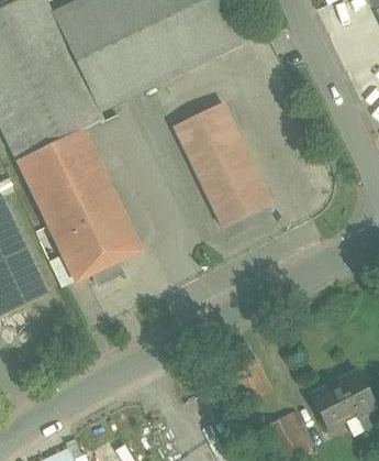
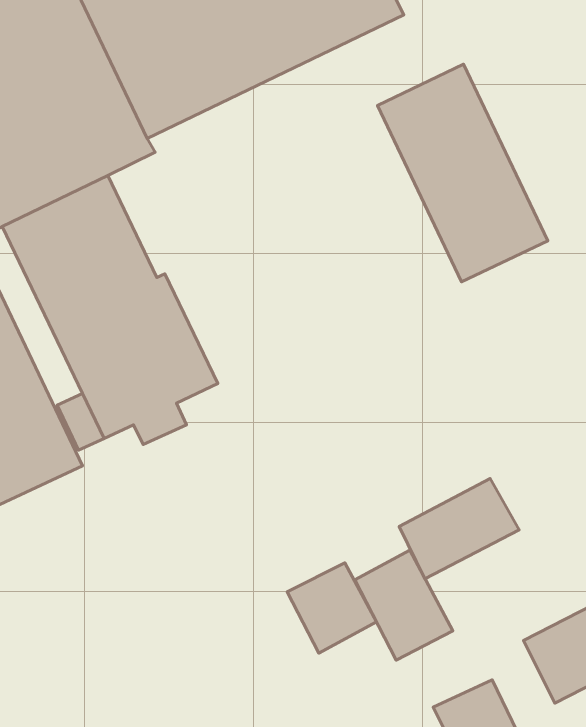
building: [172,101,268,223] -> [377,64,548,282]
building: none -> [399,478,519,579]
building: none -> [287,563,376,653]

